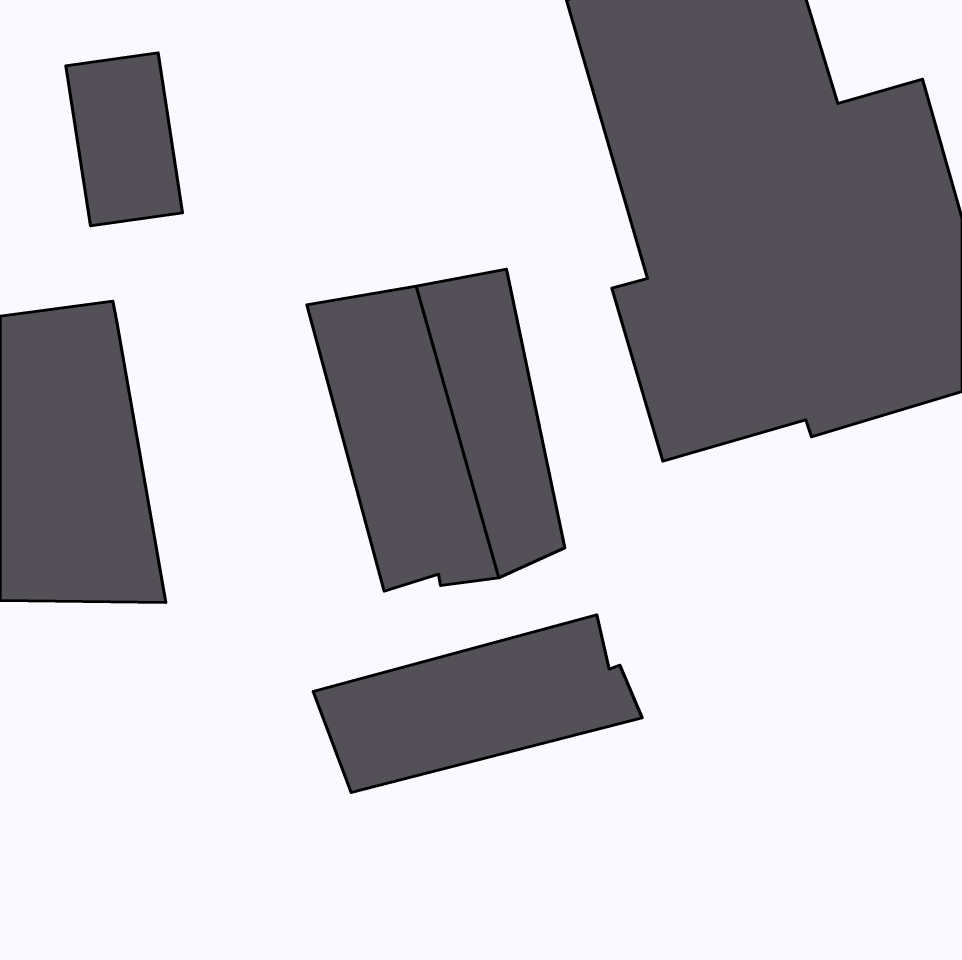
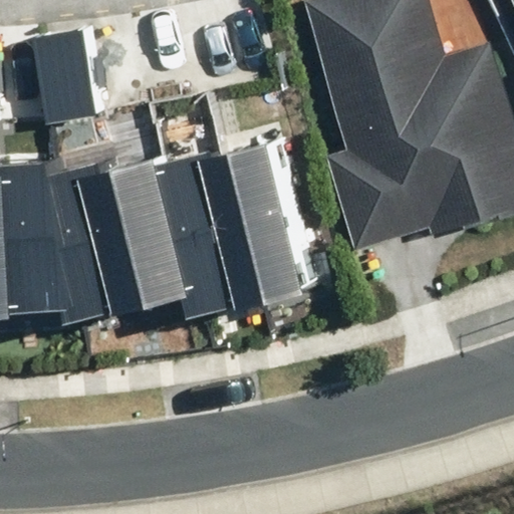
building: none -> [62,156,205,321]
building: [313,615,642,792] -> none

